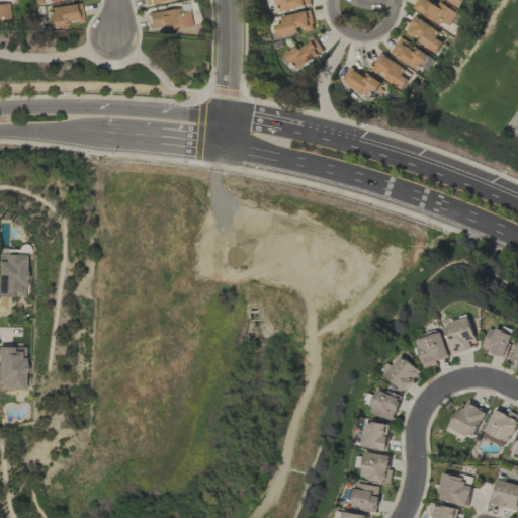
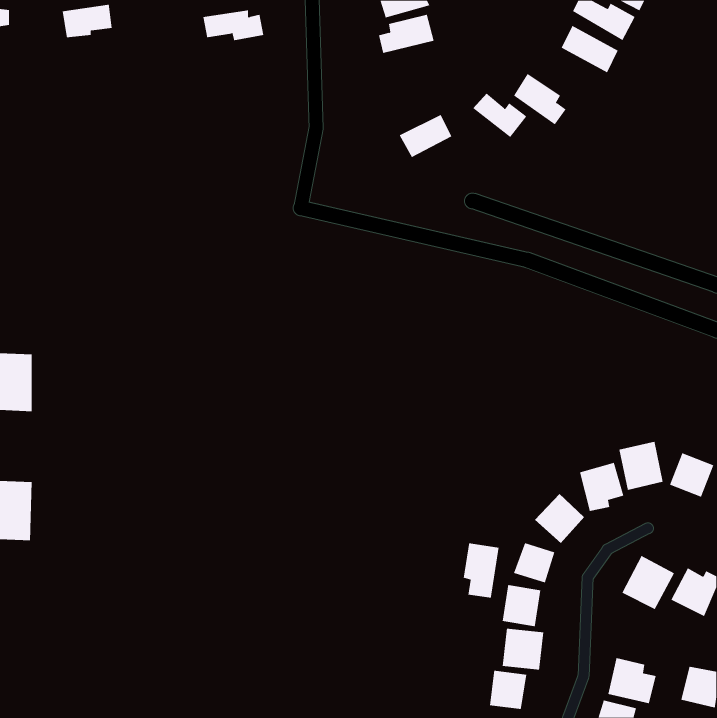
building: [283,37,322,69] -> [399,114,452,158]
building: [388,38,427,72] -> none
building: none -> [463,542,499,598]

